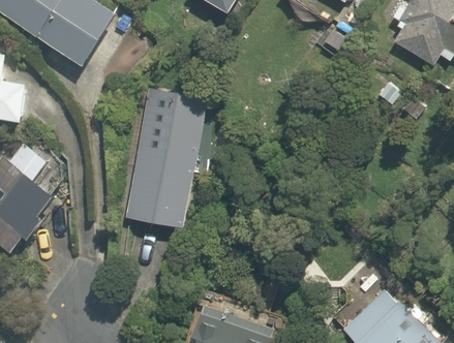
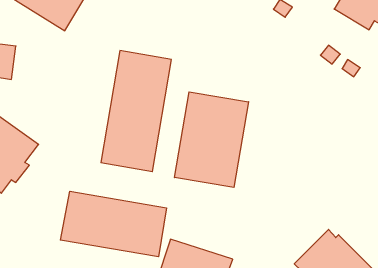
building: none -> [175,92,249,187]
building: none -> [60,191,166,257]

